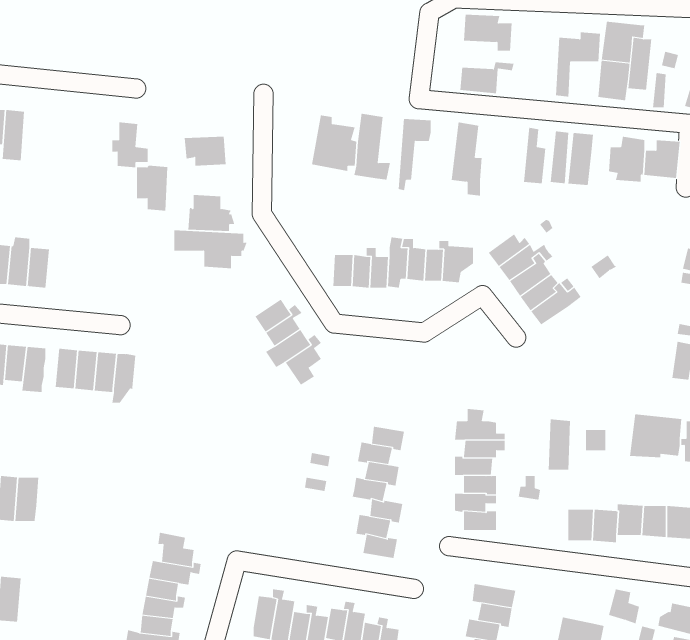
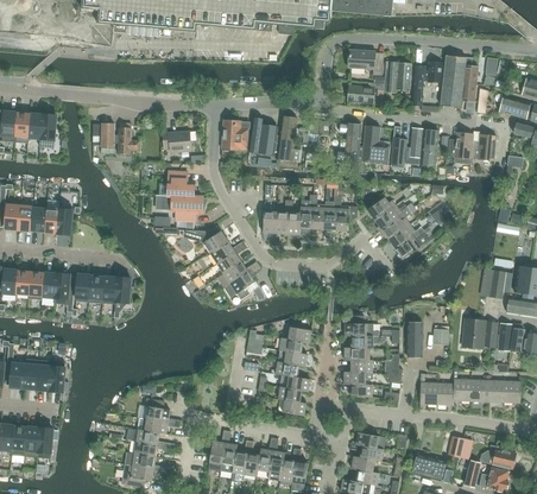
building: none -> [384,62,411,91]
building: none -> [221,120,248,150]
building: none -> [362,126,388,164]
building: [136,165,168,211] -> [93,122,114,153]
building: none -> [183,229,228,253]

